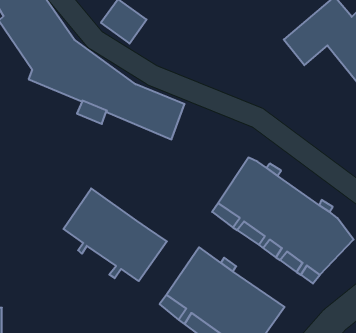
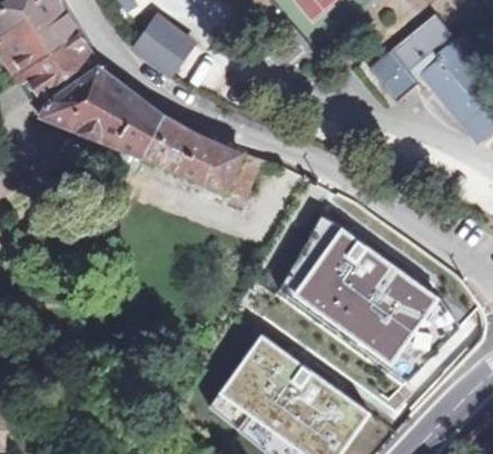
building: [63,188,167,281] -> none

